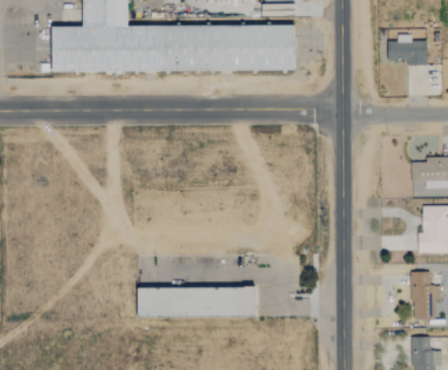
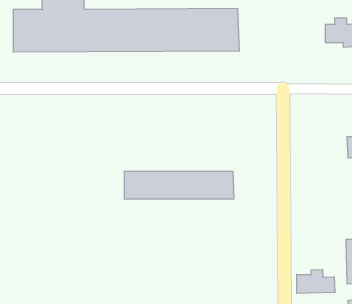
building: [139,287,257,316] -> [124,172,234,199]
building: none -> [297,269,335,293]

